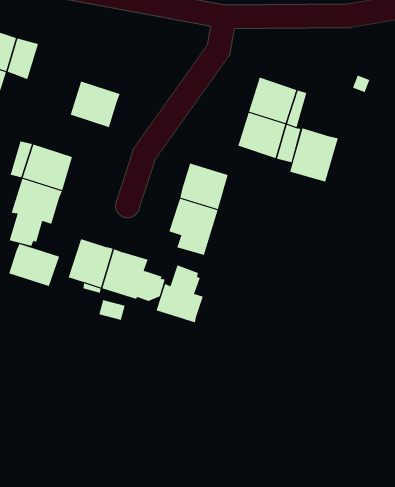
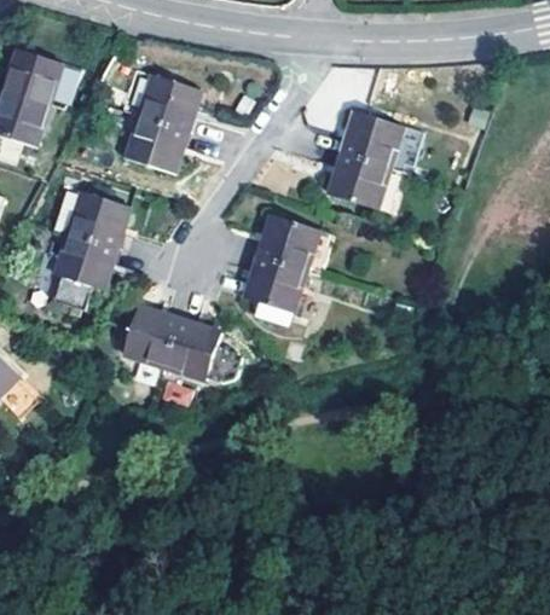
building: none -> [138,74,199,130]
building: [290,128,338,183] -> none
building: [9,243,60,287] -> none
building: [156,265,203,323] -> none

